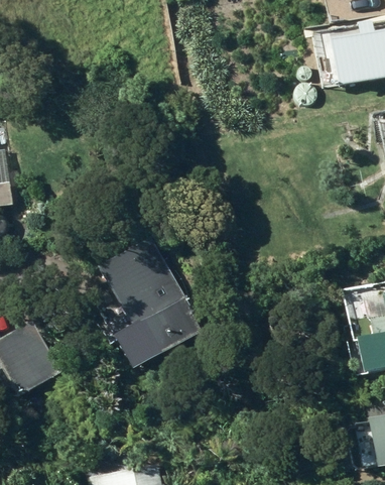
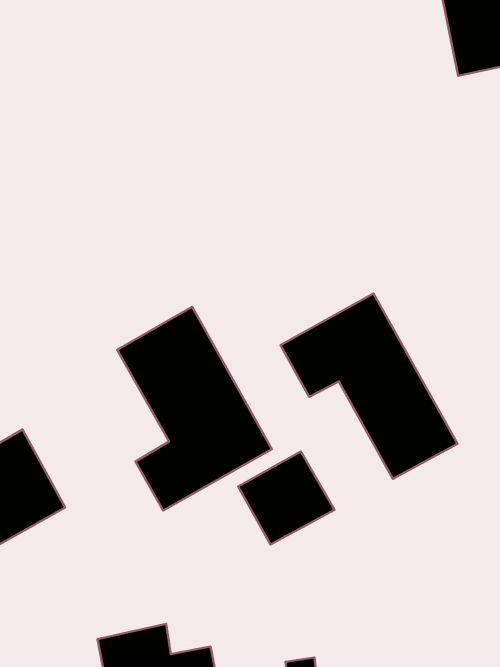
building: none -> [281,294,457,479]
building: none -> [238,451,334,544]

